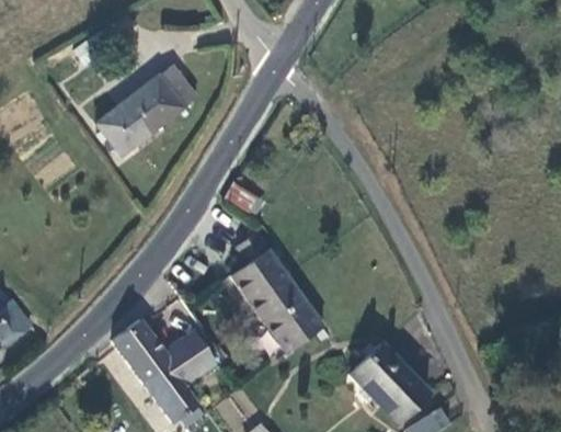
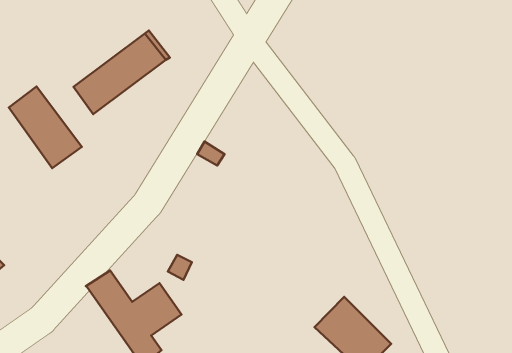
building: none -> [9,87,82,168]
building: [229,228,324,349] -> none

